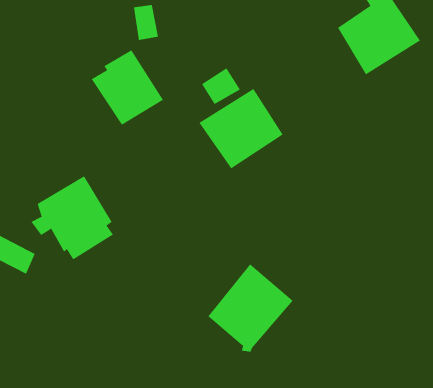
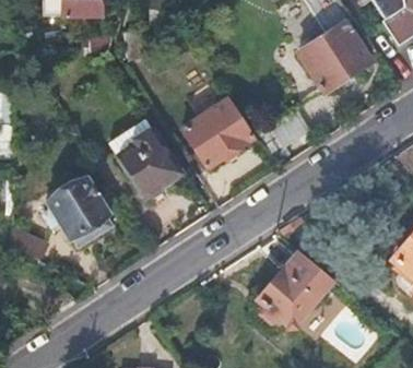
building: [91,50,164,125] -> [118,129,180,193]
building: [208,264,294,352] -> [261,250,334,325]

